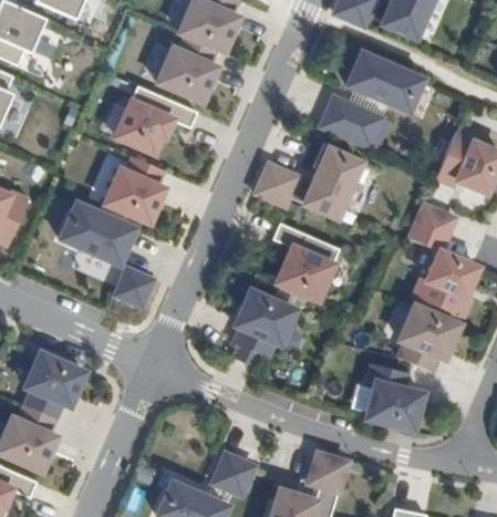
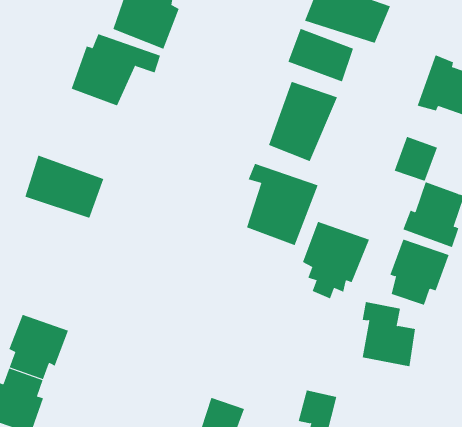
building: [99,156,167,227] -> none
building: [257,162,301,209] -> none
building: [115,267,159,309] -> none
building: [228,288,296,364] -> [302,221,370,299]

